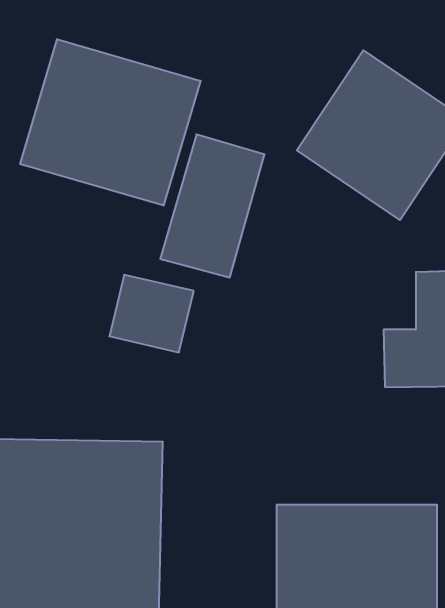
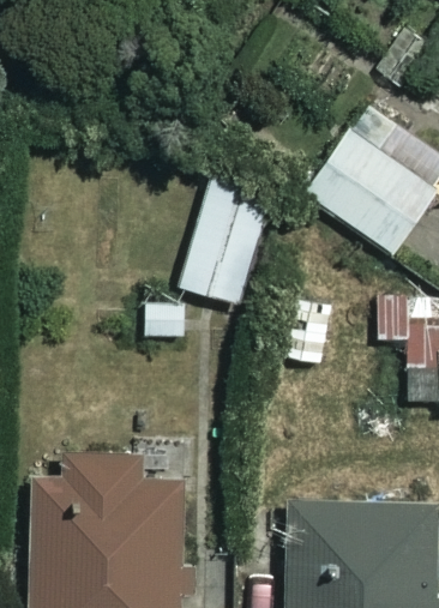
building: [20,39,201,206] -> none

